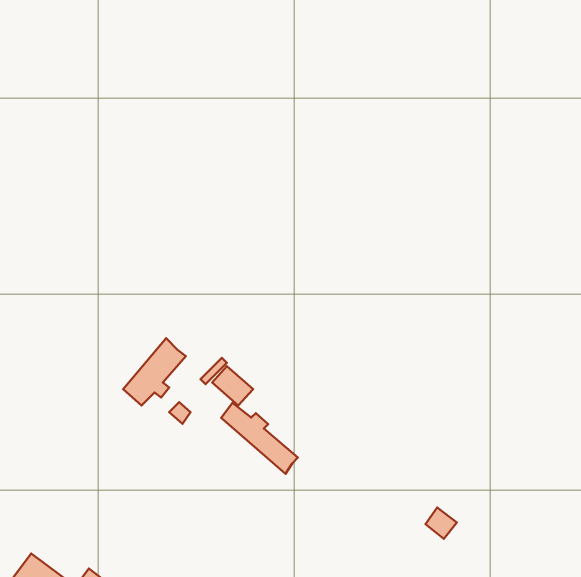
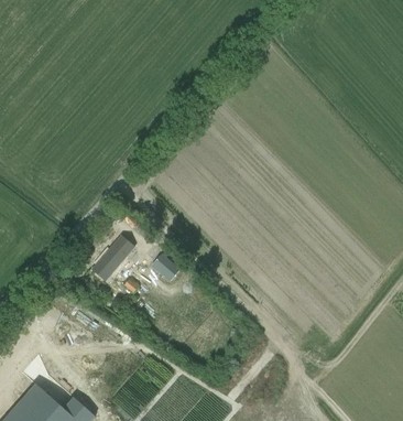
building: [221,403,298,474] -> none

